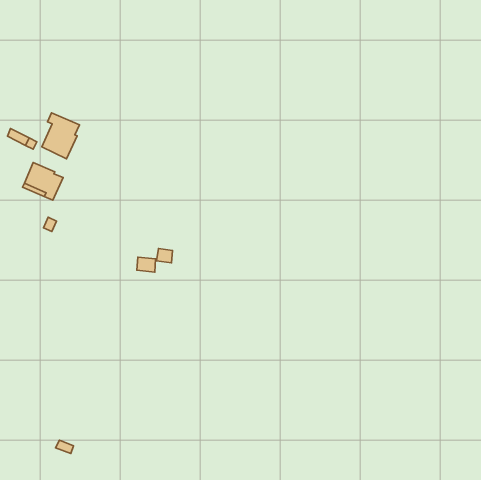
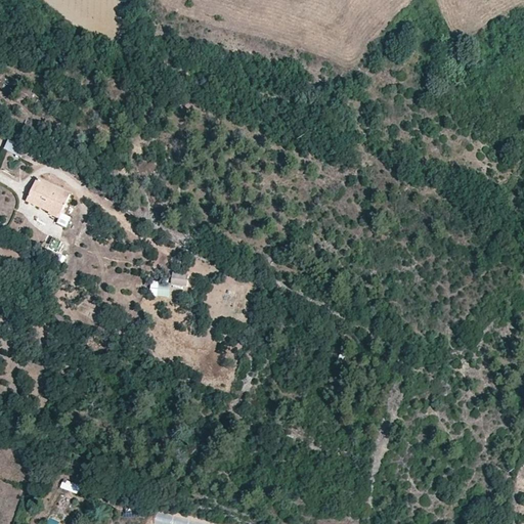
building: [42,113,80,159] -> none

